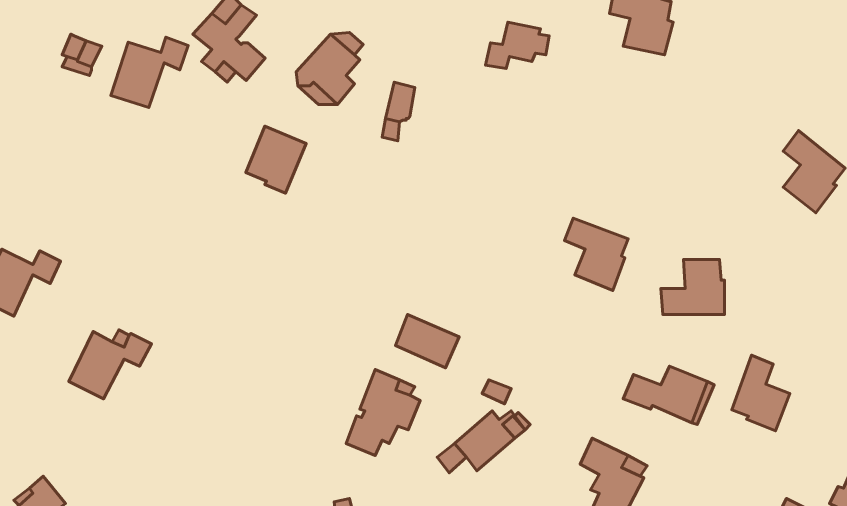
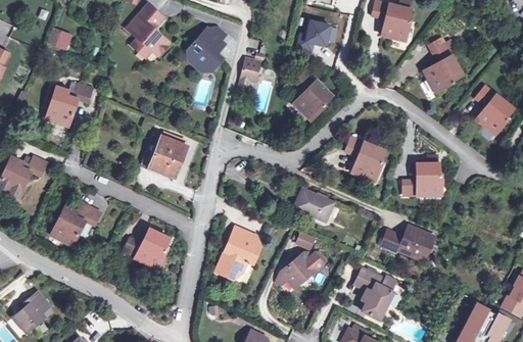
building: [111,37,188,108] -> [46,84,92,126]
building: none -> [424,44,463,92]
building: none -> [293,71,332,120]
building: [246,126,306,193] -> [150,137,186,177]
building: [396,315,459,368] -> [295,189,333,221]
building: [732,355,790,431] -> none
building: none -> [124,228,170,267]

